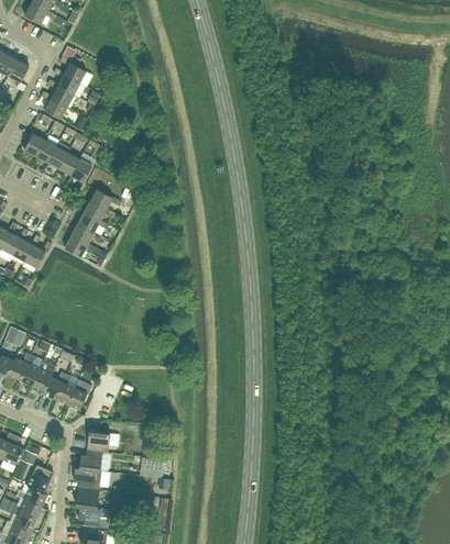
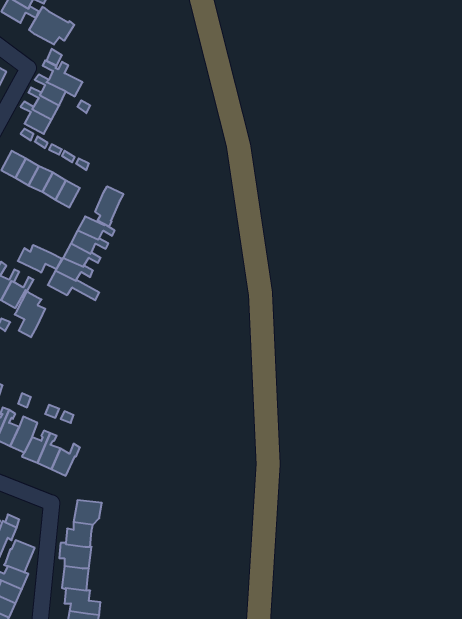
building: none -> [29,7,74,45]
building: none -> [95,186,123,226]
building: none -> [18,245,62,273]
building: none -> [15,291,45,337]

